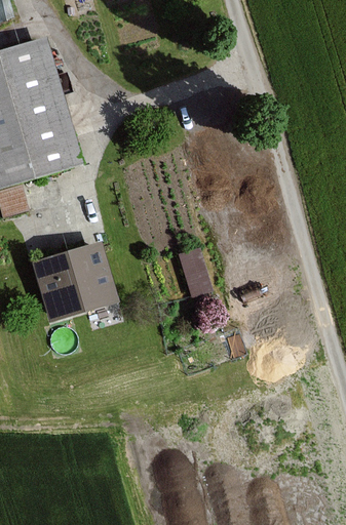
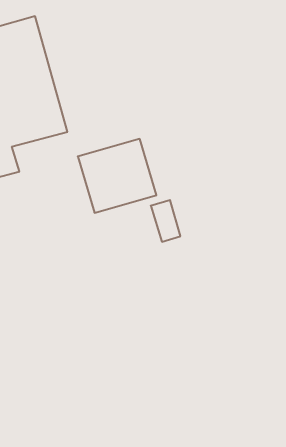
building: [30,241,117,323] -> [78,139,156,213]

